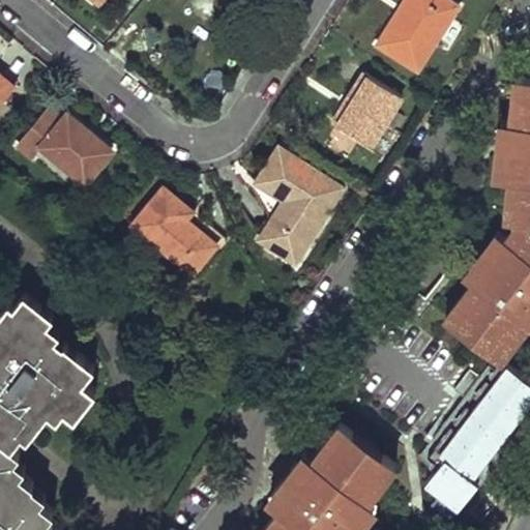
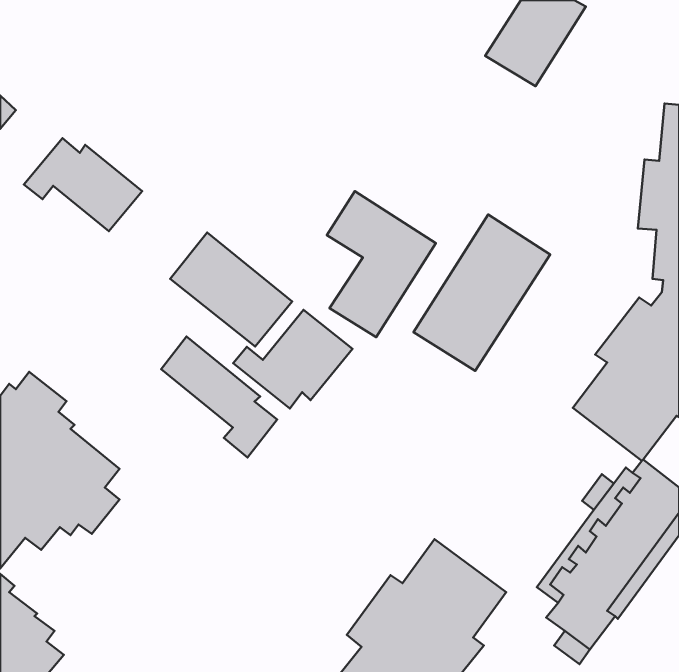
building: [333,78,400,148] -> none
building: none -> [414,214,550,371]
building: none -> [233,310,352,408]
building: none -> [161,337,277,457]

